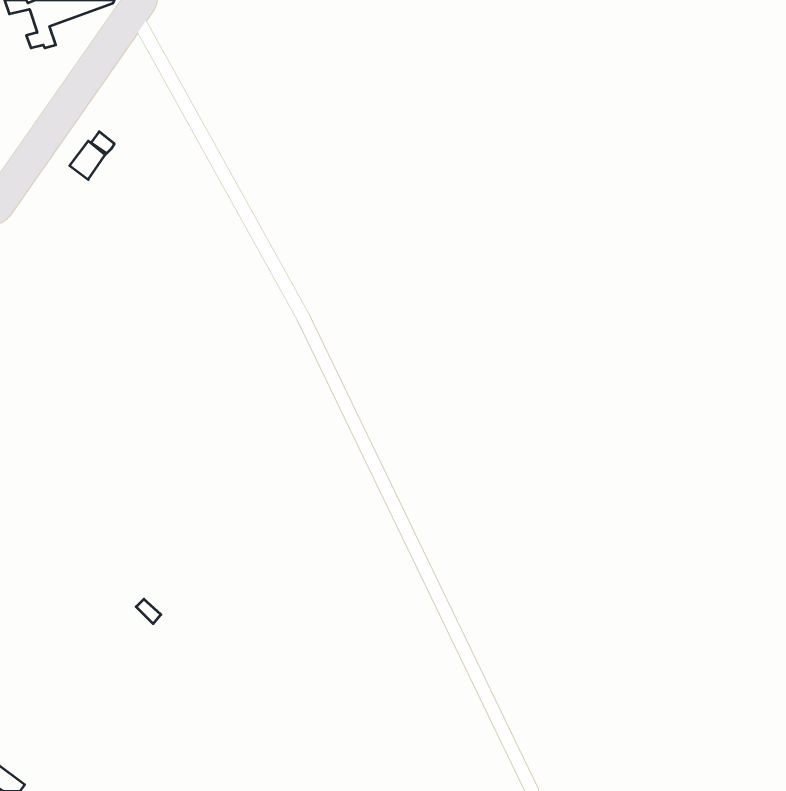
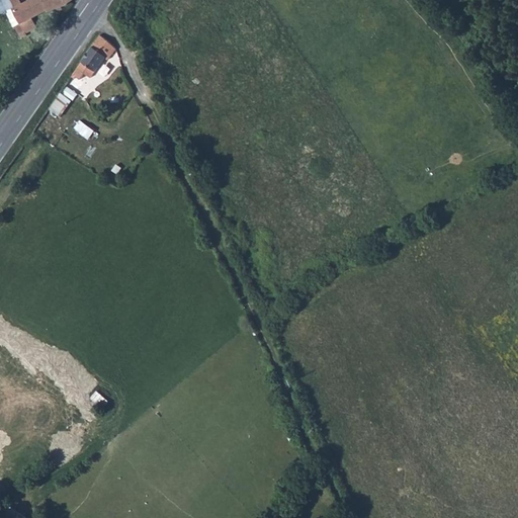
building: none -> [70,34,113,79]

